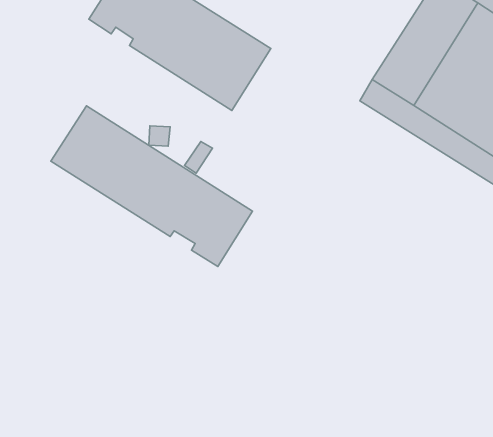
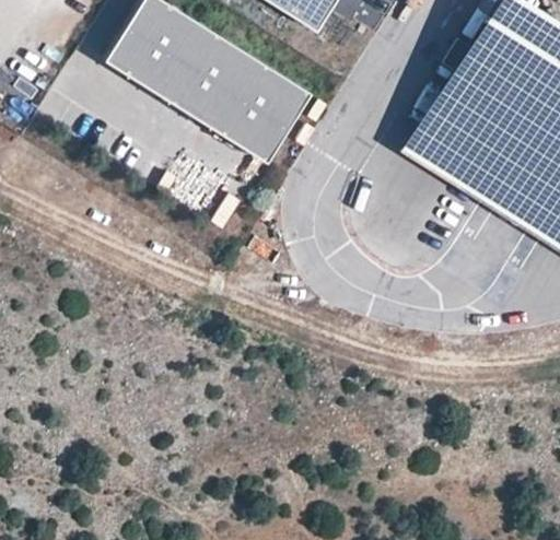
building: [51,106,253,266] -> none

